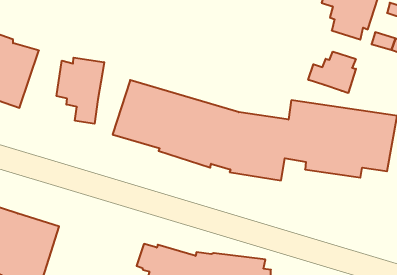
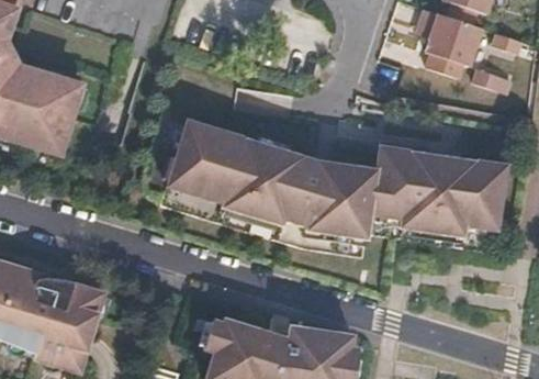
building: [308,52,356,93] -> none
building: [57,58,104,124] -> none

